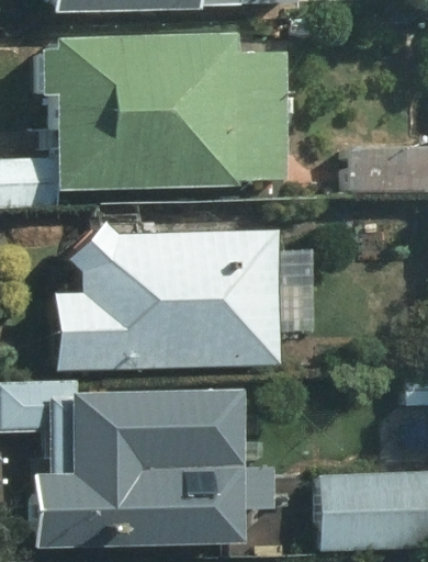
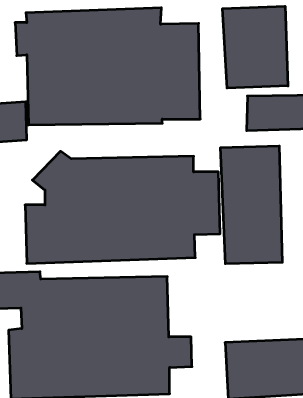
building: none -> [223,6,288,88]
building: none -> [221,146,282,264]

